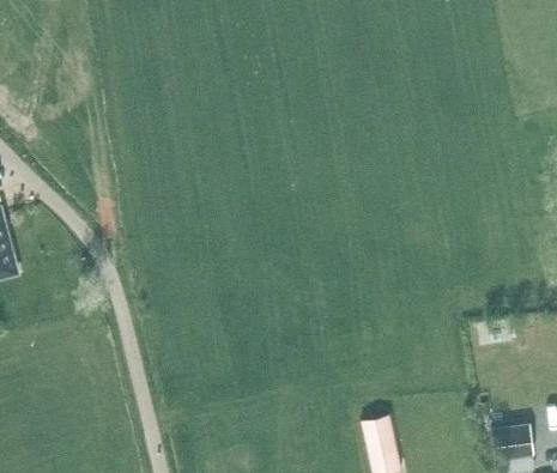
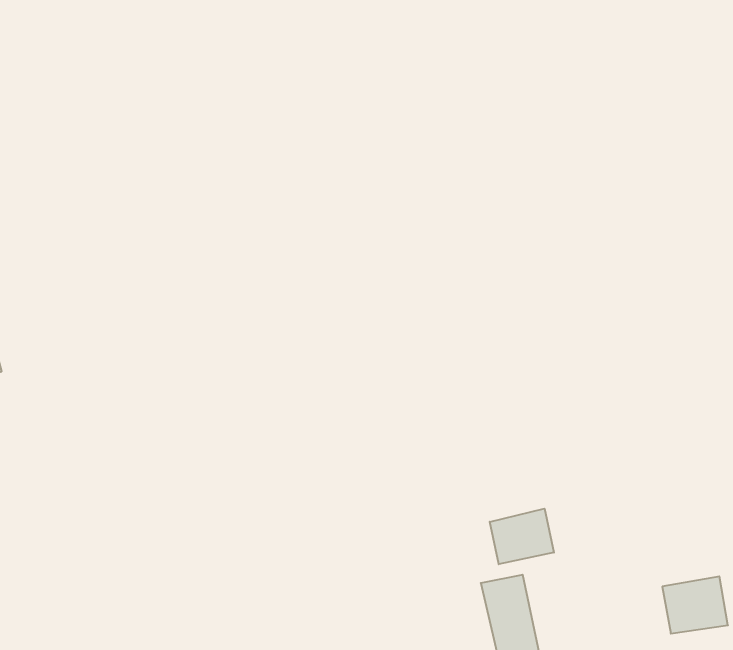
building: none -> [490,509,554,564]

